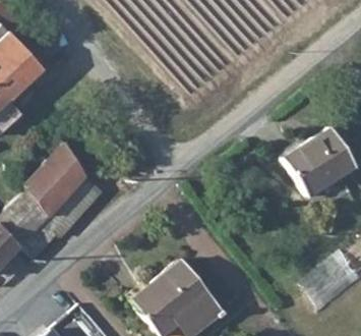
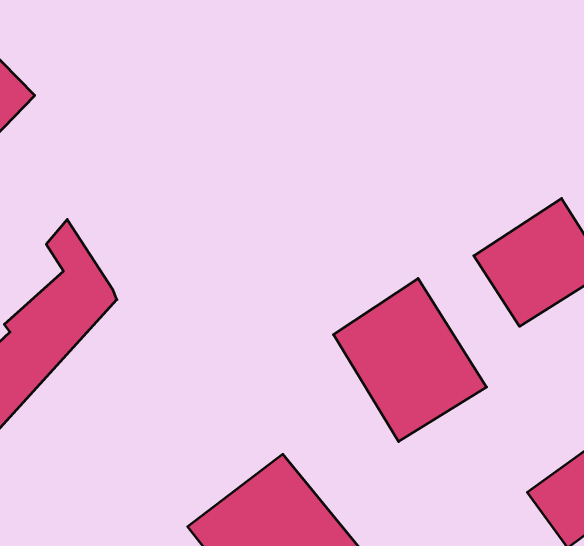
building: none -> [333,278,487,442]

